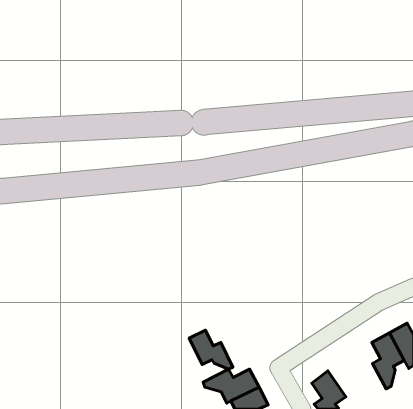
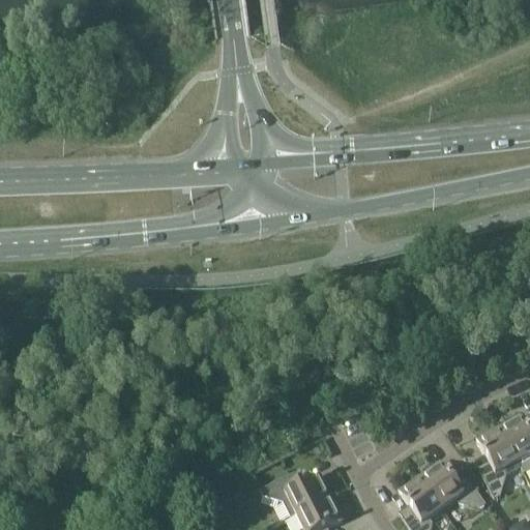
building: [189,330,233,369] -> none
building: none -> [420,460,487,507]

